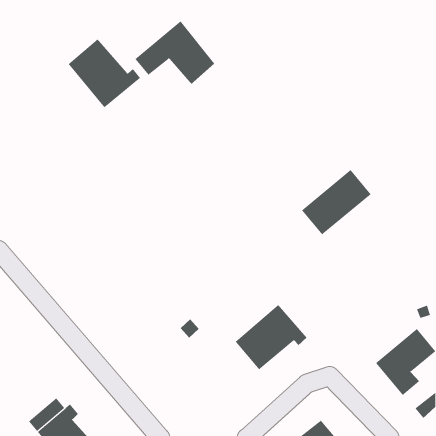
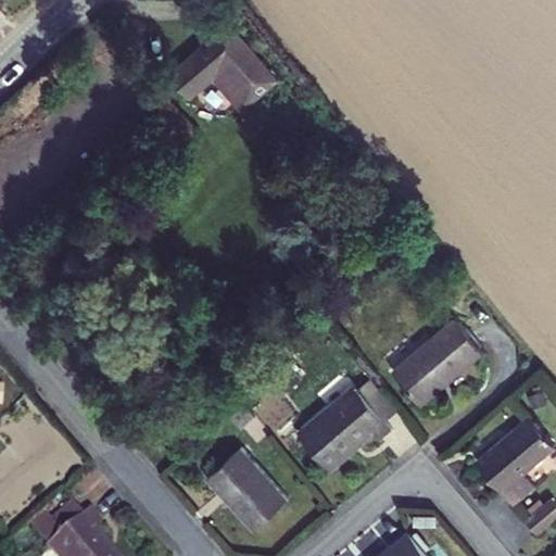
building: [68,38,141,108] -> none
building: [301,169,371,235] -> [393,321,482,405]
building: none -> [206,450,288,531]

